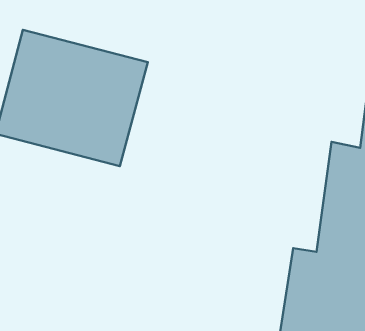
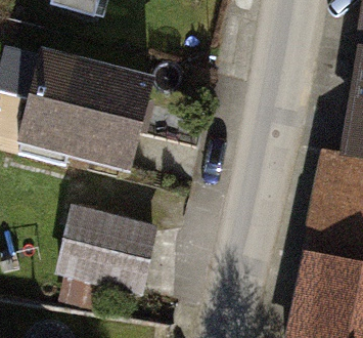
building: none -> [58,200,162,290]

